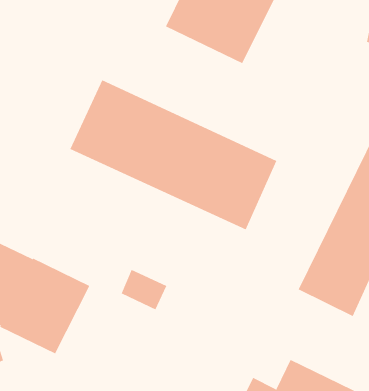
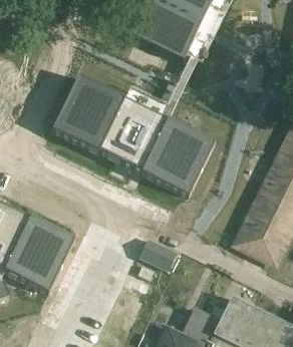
building: [121,269,167,310] -> [138,238,175,270]

